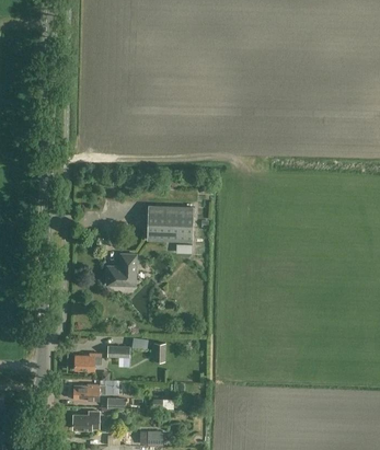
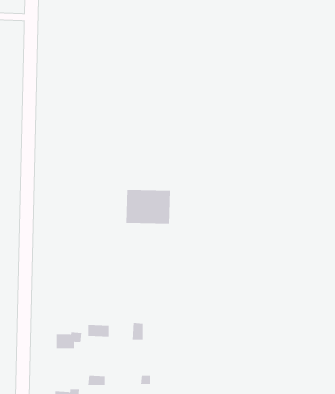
building: [106,254,135,286] -> none
building: [72,384,105,401] -> none

